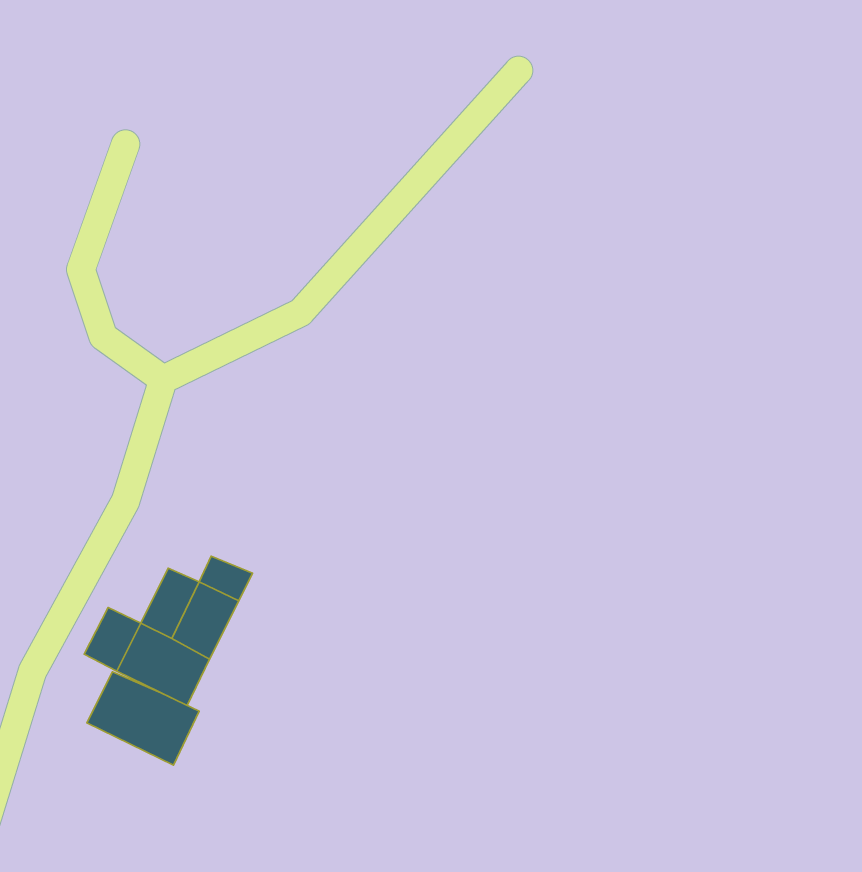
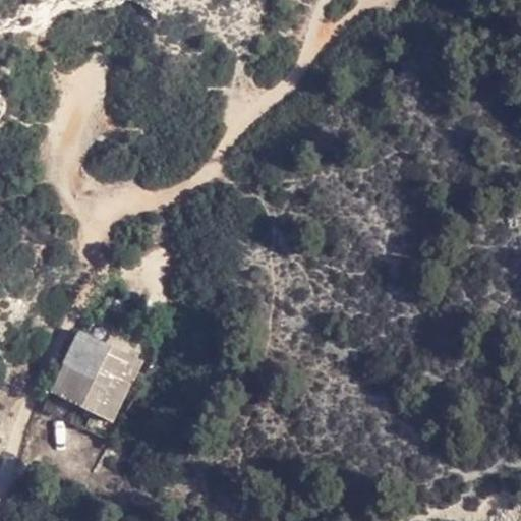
building: none -> [64,330,100,372]
building: [87,672,199,765] -> none

